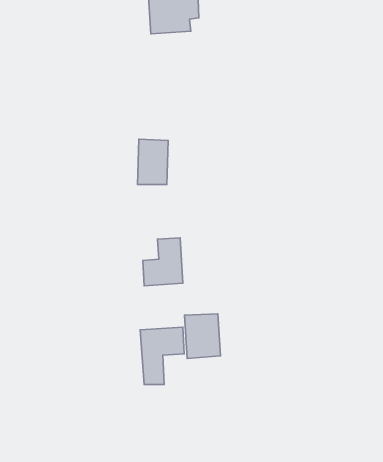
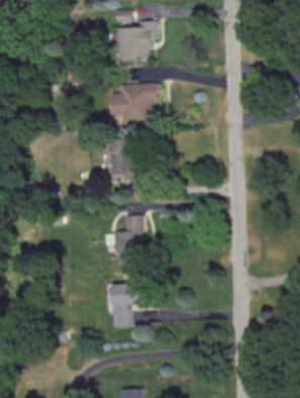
building: none -> [111,83,157,123]
building: [185,314,220,358] -> none

